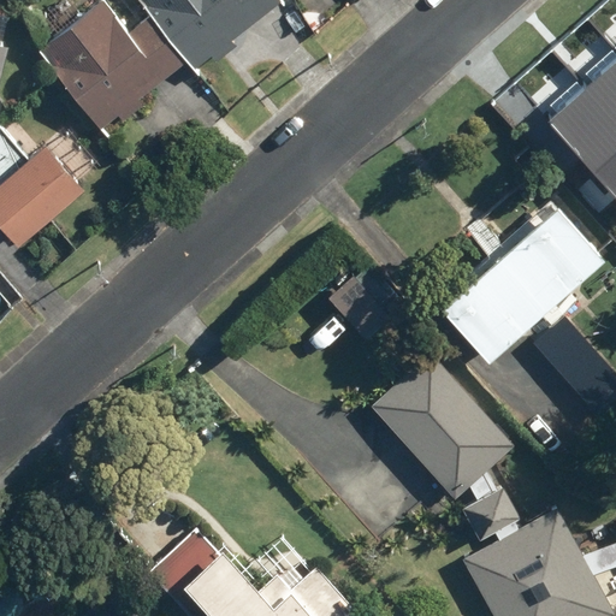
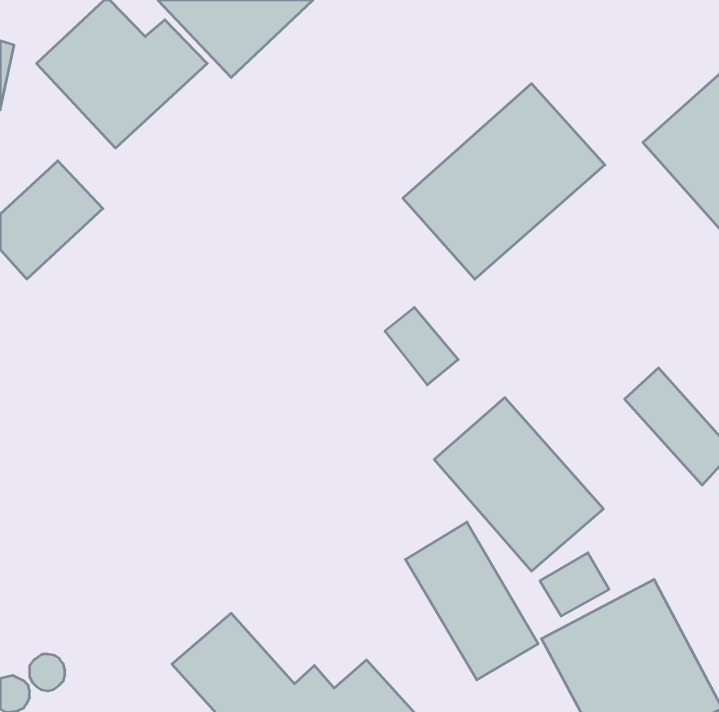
building: none -> [403,84,605,279]
building: [438,205,603,362] -> none
building: none -> [405,522,538,680]

